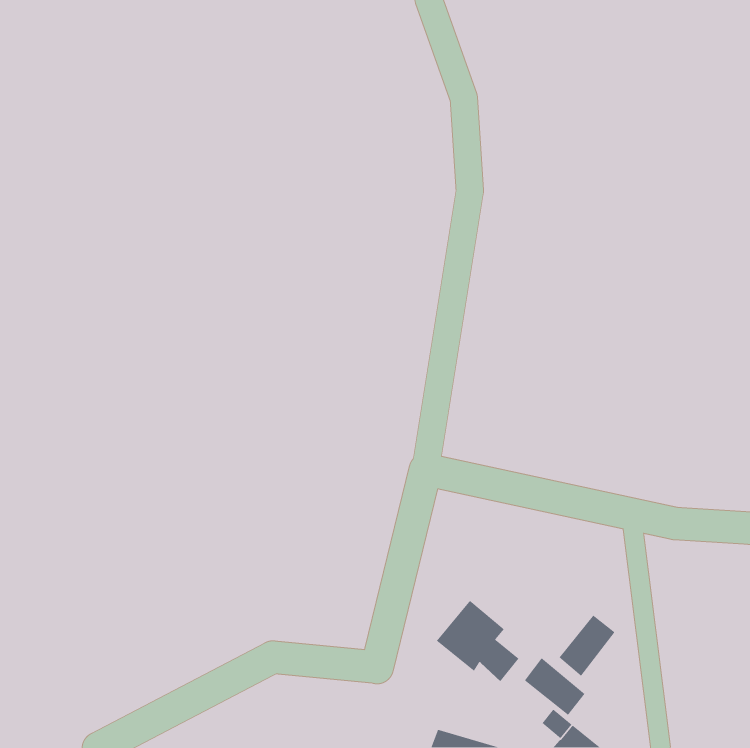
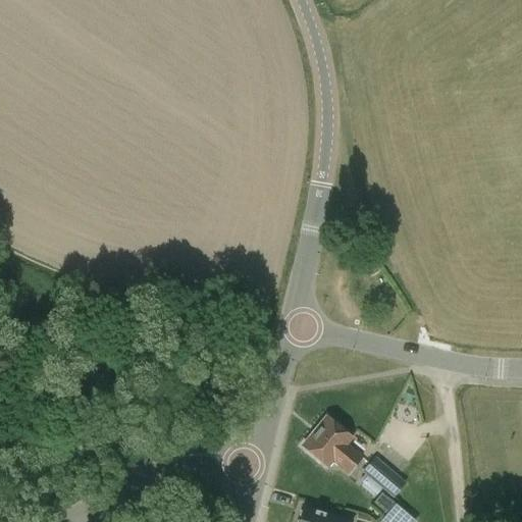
building: [559,614,616,677] -> none

